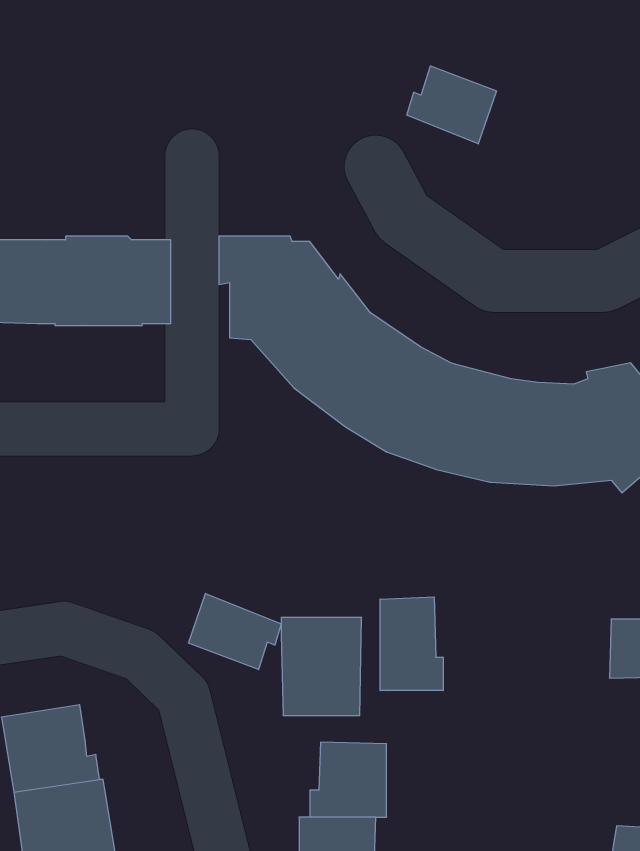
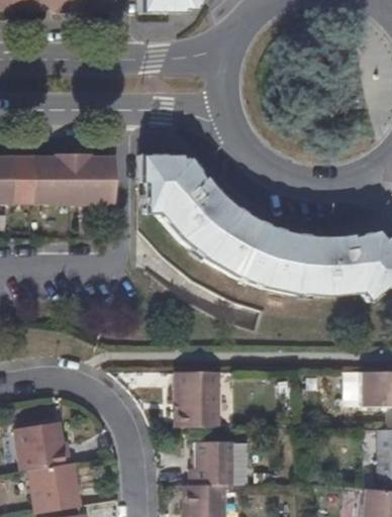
building: [407,66,497,144] -> none
building: [188,593,281,670] -> none
building: [380,597,443,691] -> none

